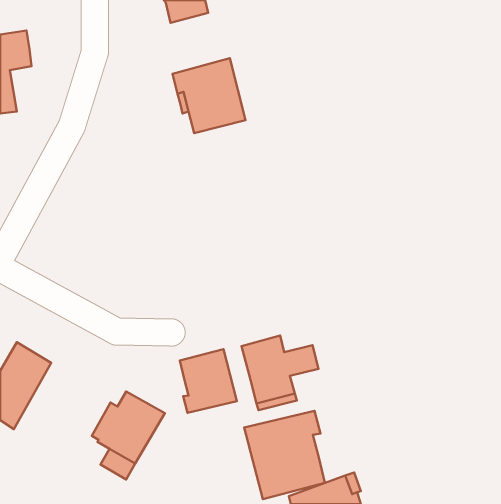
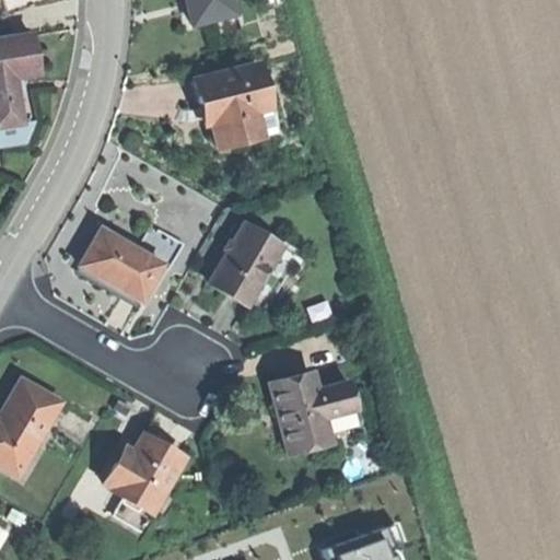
building: none -> [211,224,282,305]
building: none -> [81,230,163,301]
building: [180,349,237,413] -> none
building: [244,411,325,499] -> none

